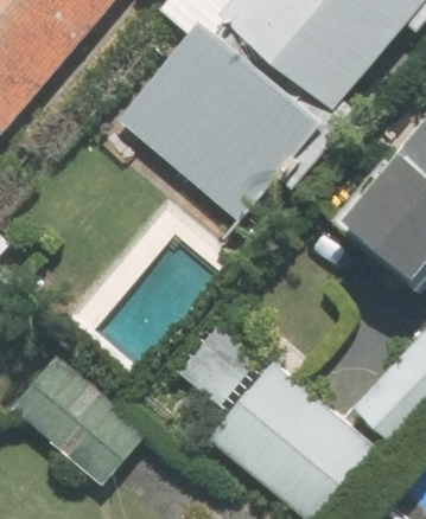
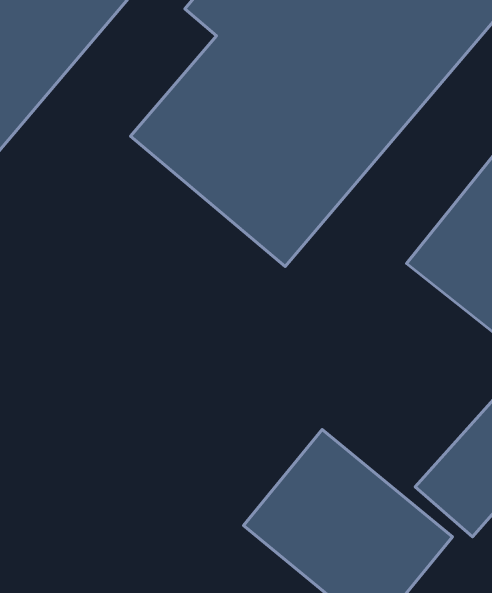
building: [12,354,146,485] -> none

